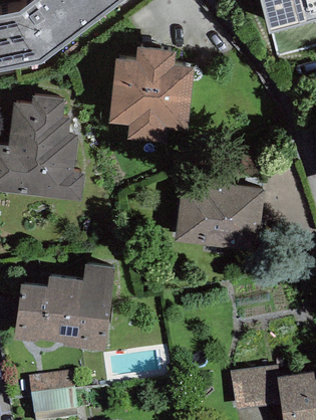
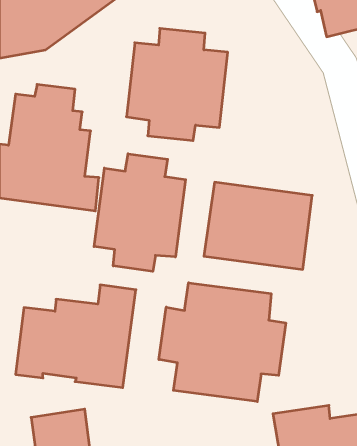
building: none -> [94,154,186,271]
building: none -> [159,283,286,402]

